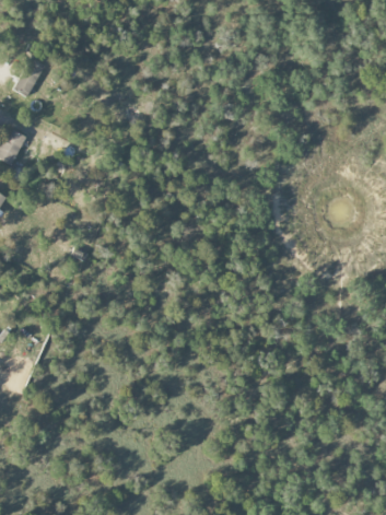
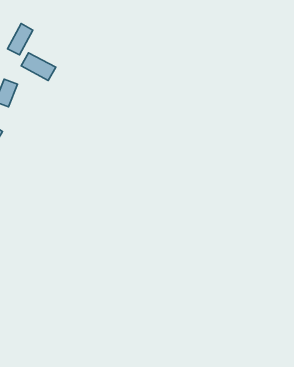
building: none -> [21,53,56,80]

